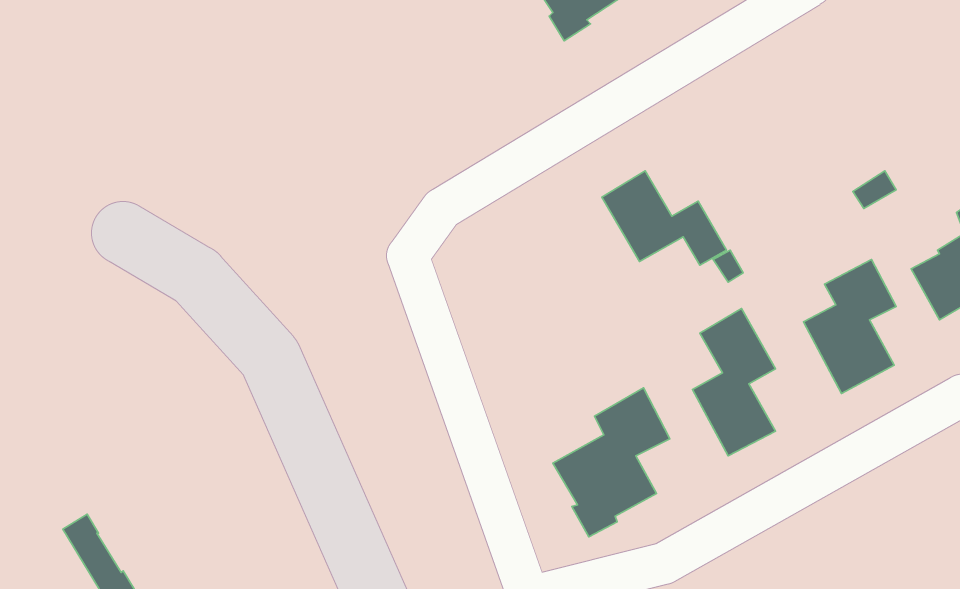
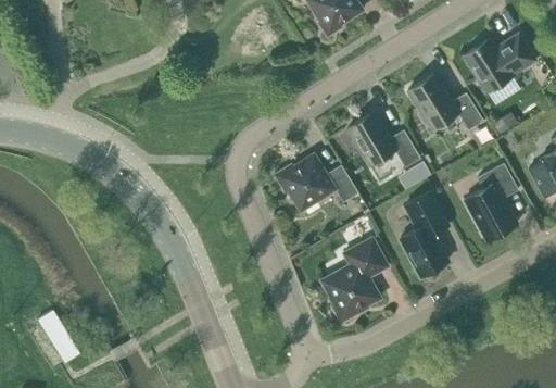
building: none -> [464,34,535,91]
building: none -> [408,74,483,129]
building: none -> [275,153,358,211]

